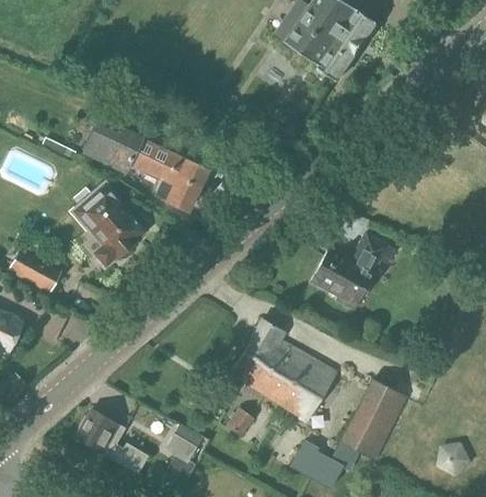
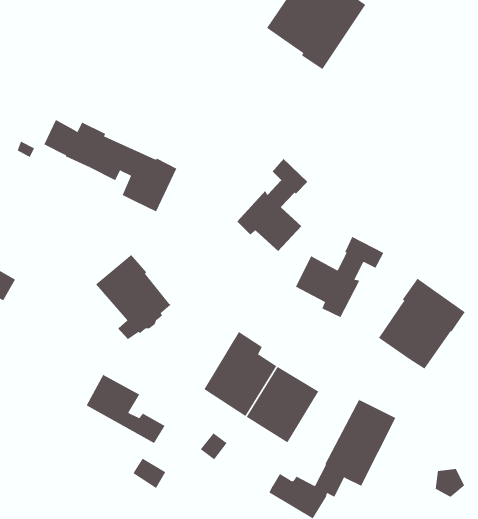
building: none -> [236,158,308,252]
building: [77,185,146,263] -> [95,254,171,340]
building: none -> [378,278,465,370]
building: [77,407,149,471] -> [86,374,165,444]

